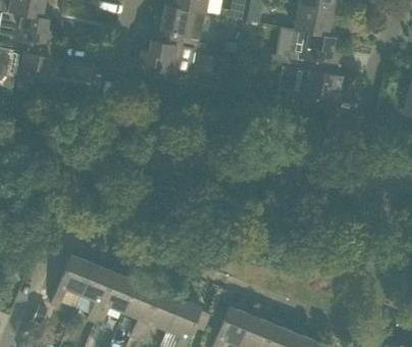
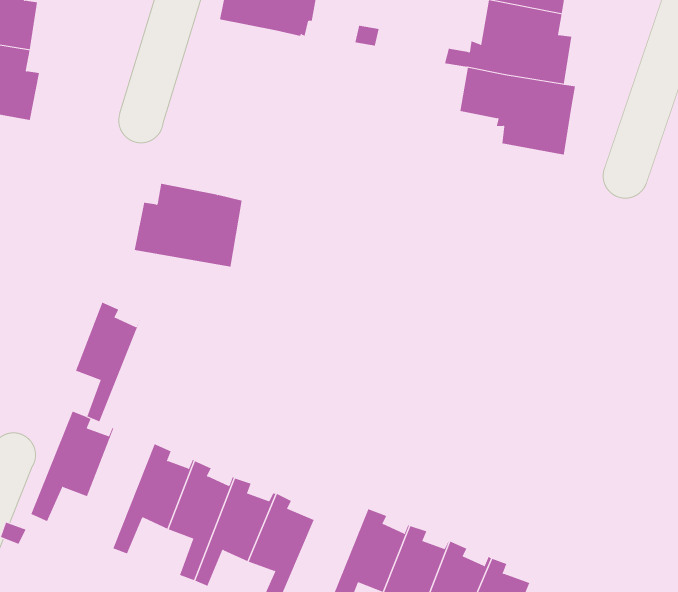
building: [137,40,195,85] -> [134,183,243,267]
building: [81,258,116,323] -> [75,302,142,422]

